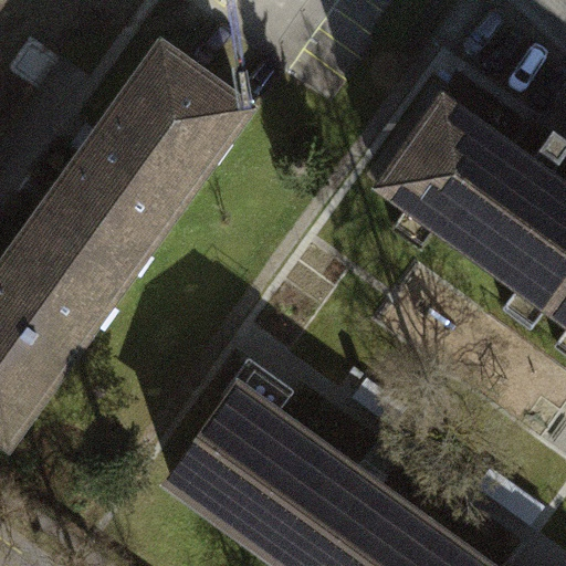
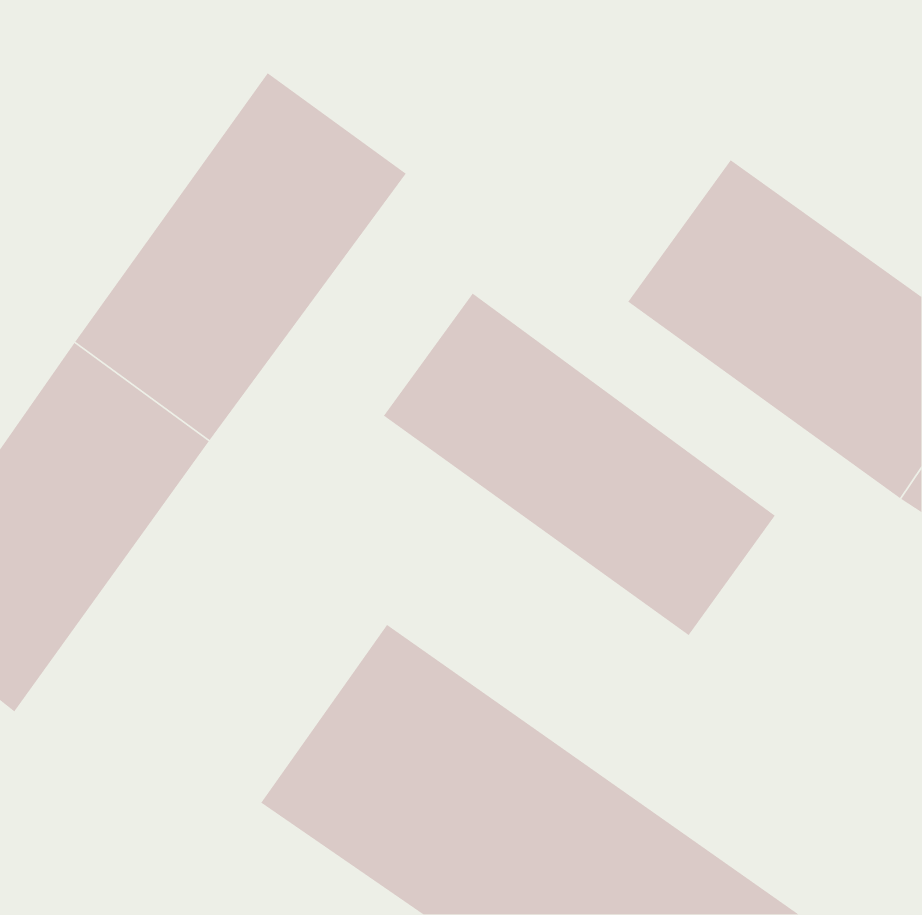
building: none -> [383,293,776,636]

